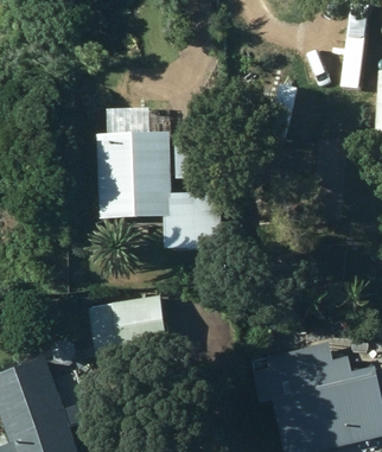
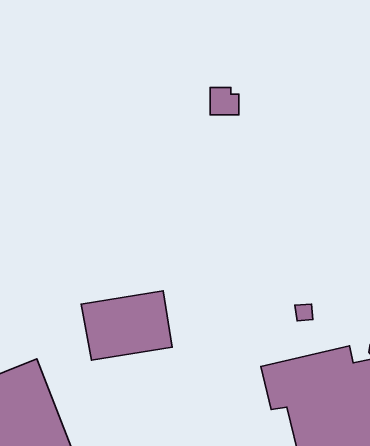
building: [96,130,222,247] -> none

